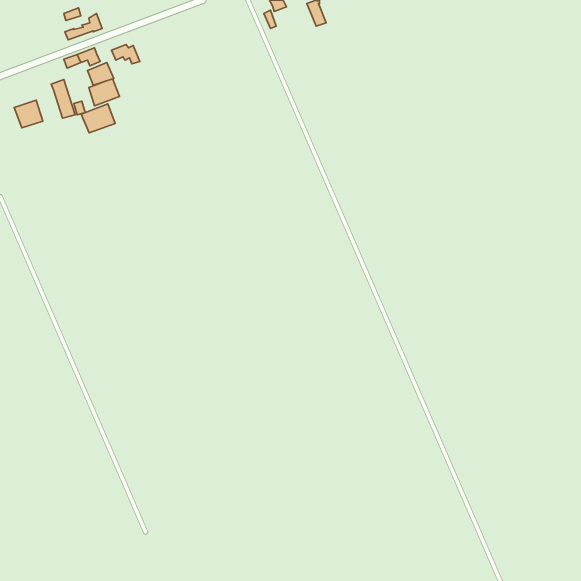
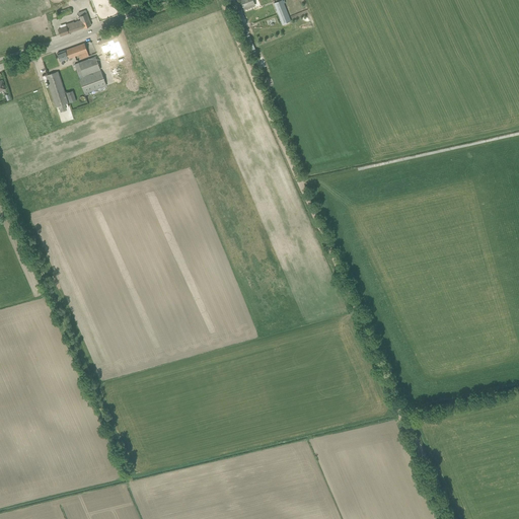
building: [14,100,43,128] -> none
building: [81,104,115,133] -> none

